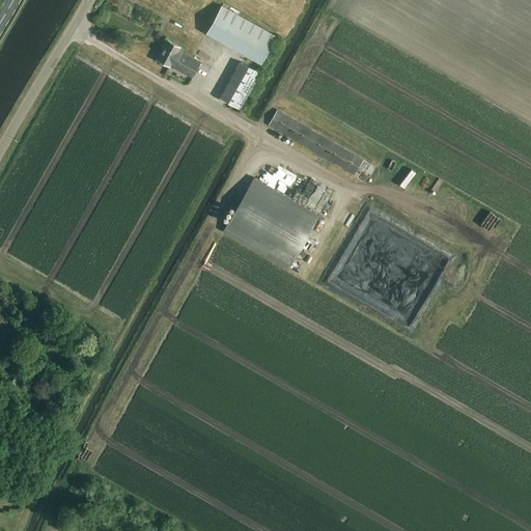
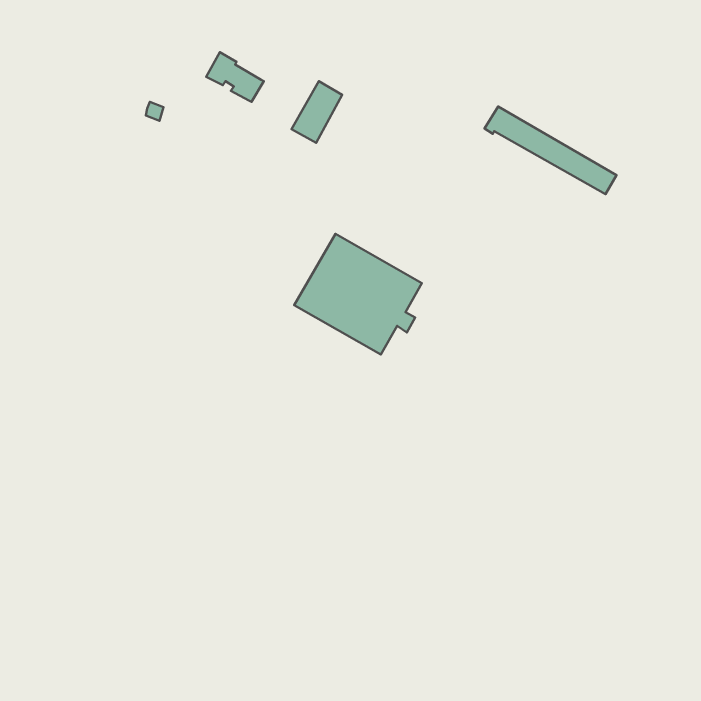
building: [204,5,275,64] -> none
building: [266,109,365,175] -> [485,106,617,194]

